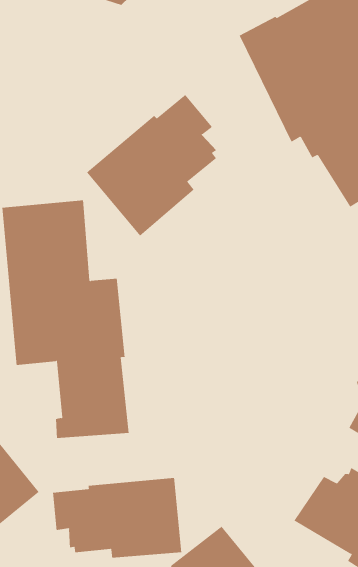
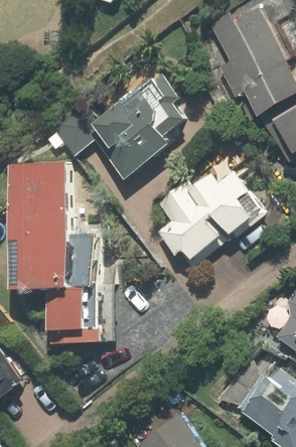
building: none -> [146,174,256,273]
building: [52,477,182,559] -> none

